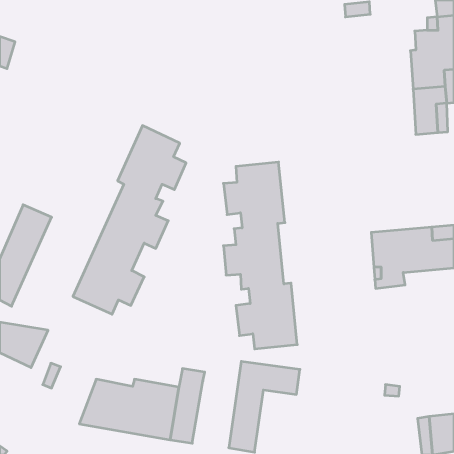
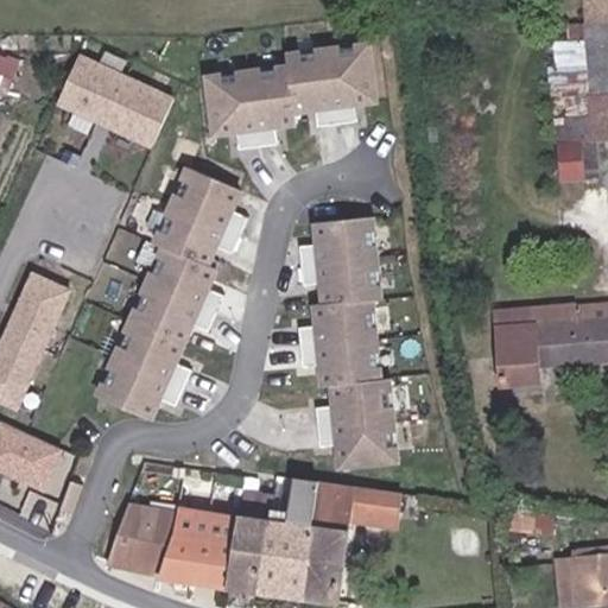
building: none -> [205,45,374,151]
building: none -> [61,49,169,138]
building: none -> [256,480,322,598]

